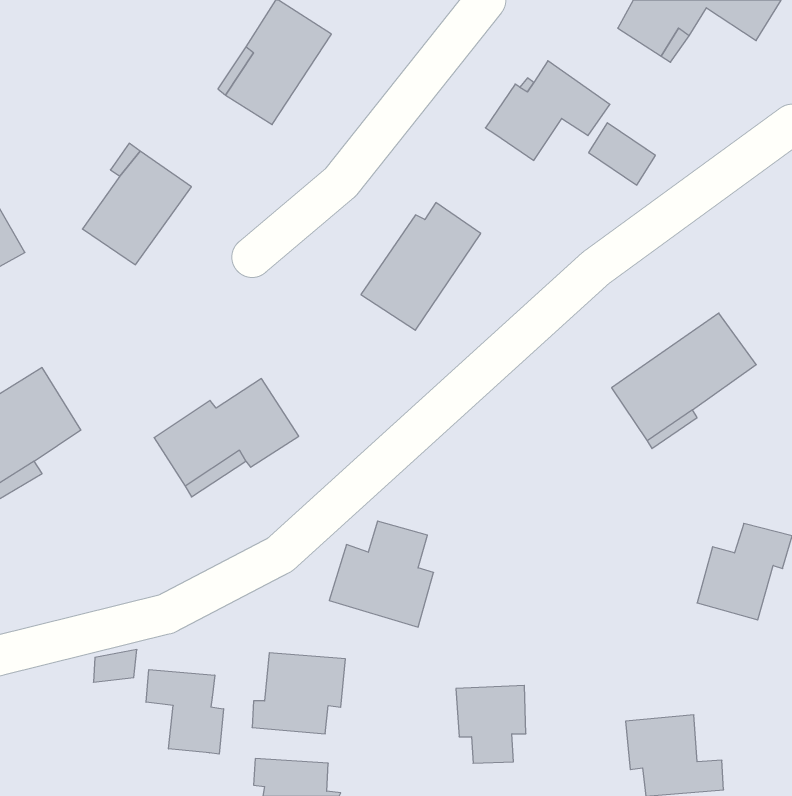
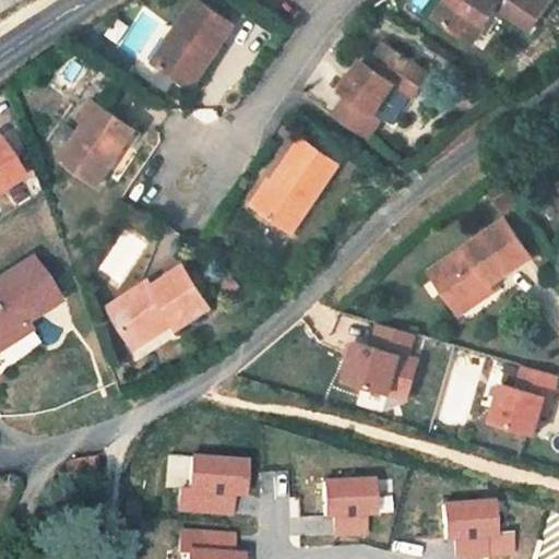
building: [589,123,655,185] -> [334,94,381,138]
building: [329,521,434,627] -> [344,323,417,397]
building: [146,670,224,754] -> none

